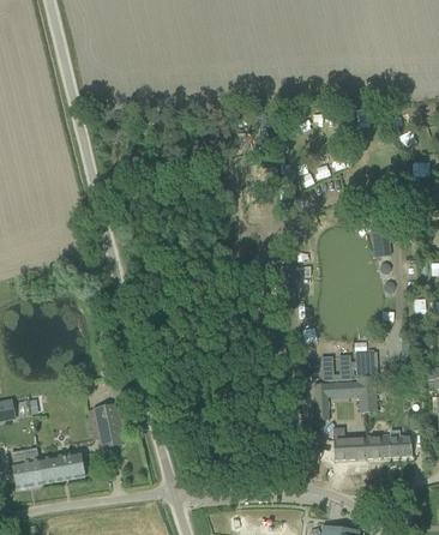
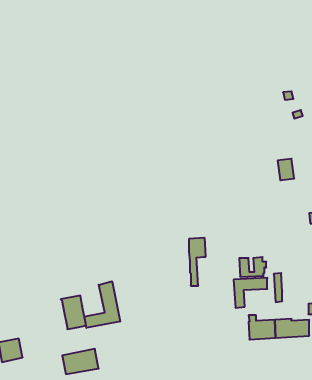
building: [356,351,378,413] -> [189,238,206,286]
building: none -> [85,281,120,328]
building: [38,451,85,483] -> [62,349,99,374]

